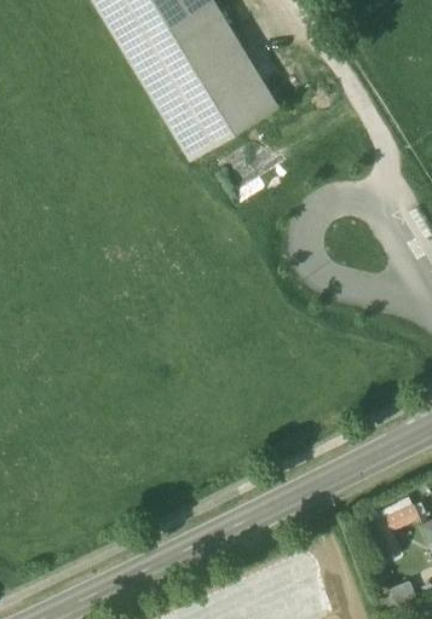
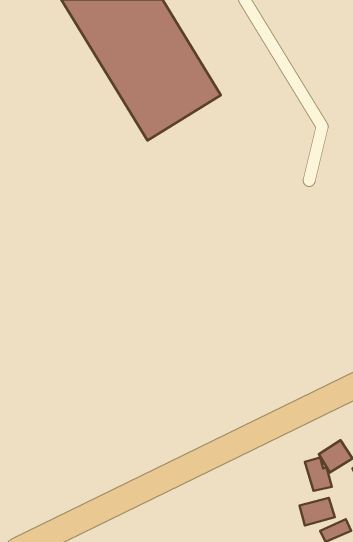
building: none -> [300,498,335,526]

